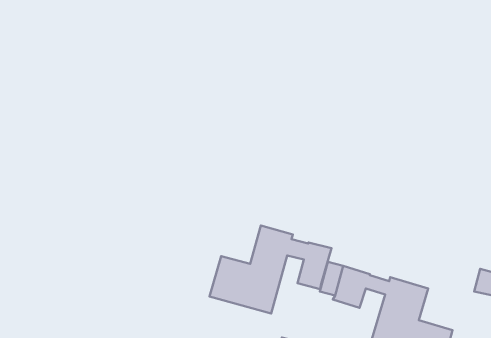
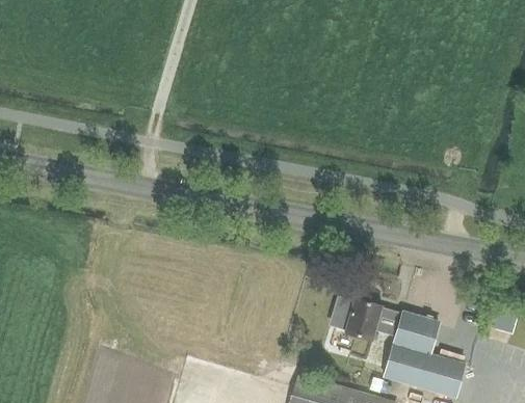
building: [209,226,331,313] -> none

